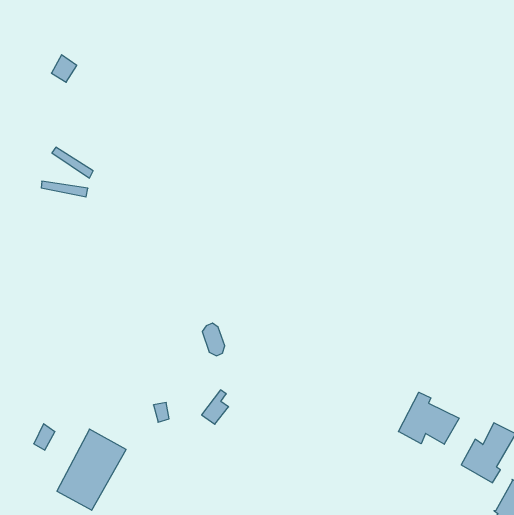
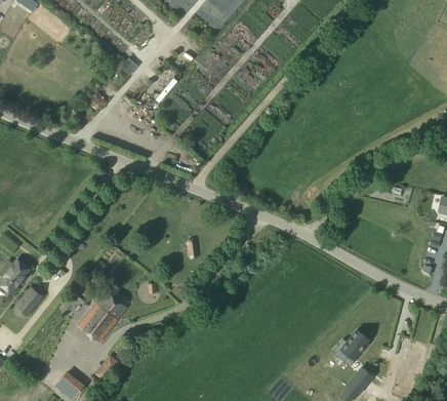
building: [398,392,459,444] -> none

